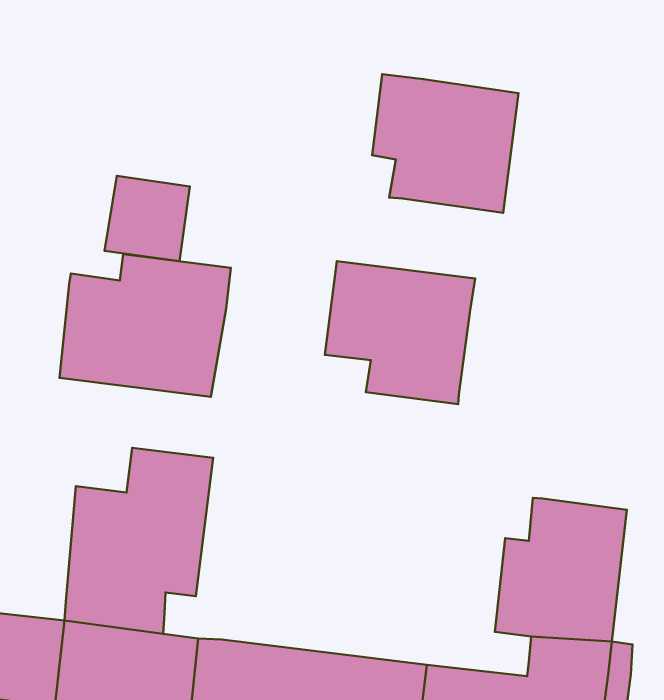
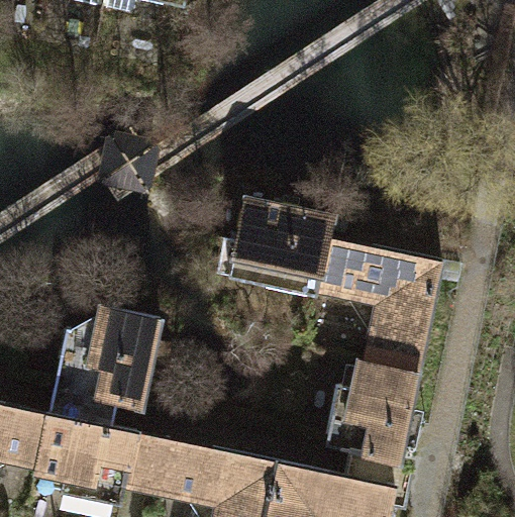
building: [372,74,518,213] -> none
building: [59,254,231,397] -> none
building: none -> [316,238,441,376]

